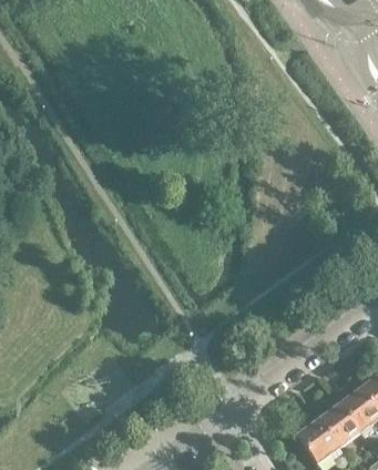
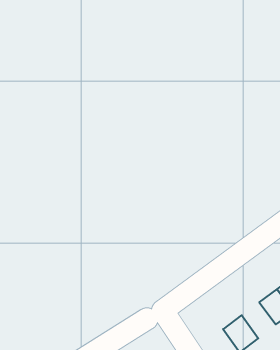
building: [317,406,358,449] -> none

